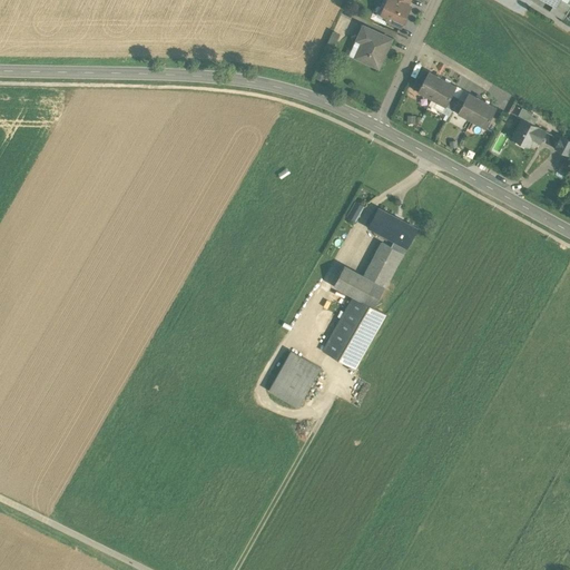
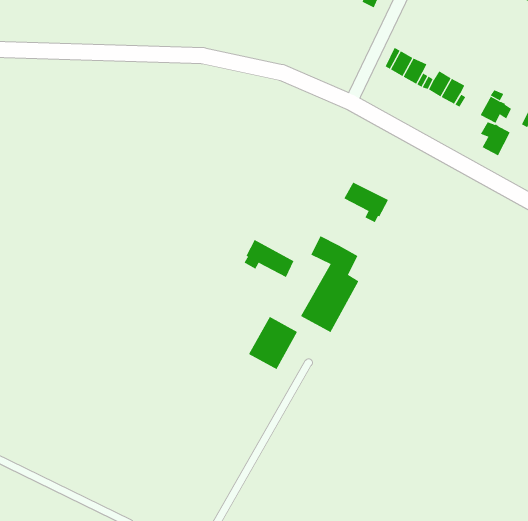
building: [357,26,391,68] -> none
building: none -> [480,121,511,156]
building: [363,242,401,287] -> none
building: none -> [244,239,294,278]

